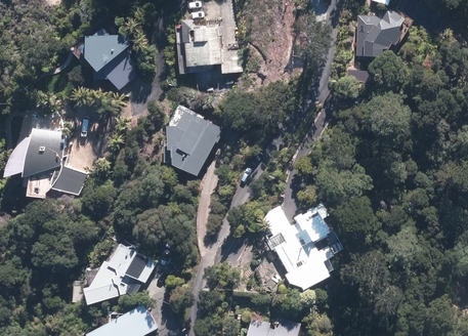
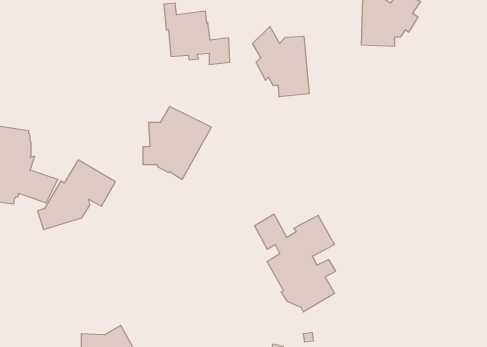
building: [79,27,133,89] -> none
building: none -> [253,27,309,97]
building: [87,241,156,302] -> [38,160,115,229]

